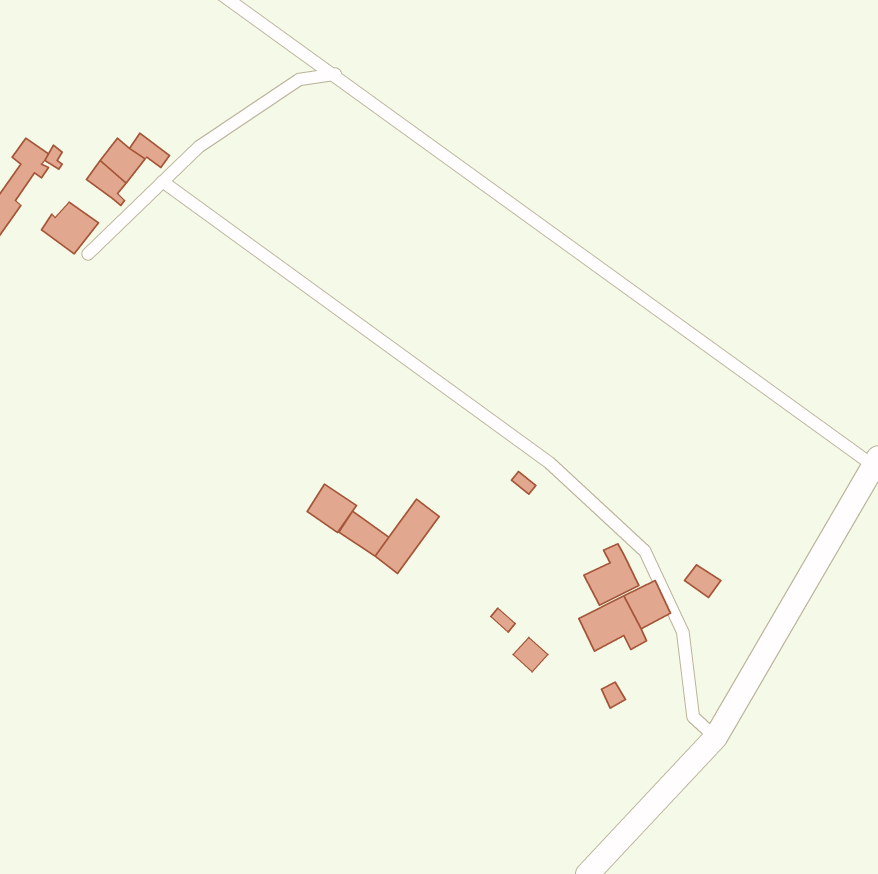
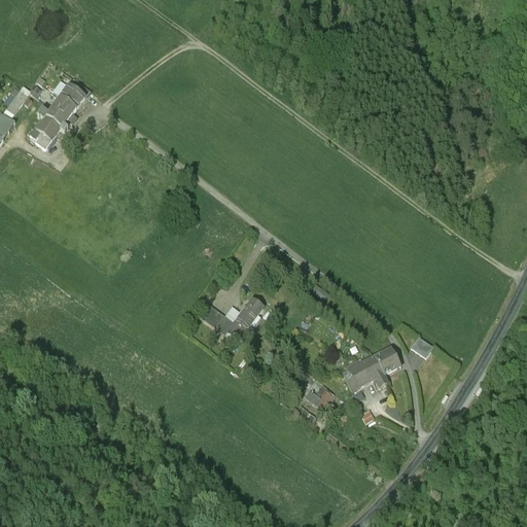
building: none -> [35,107,67,136]
building: [307,484,357,533] -> none
building: [584,544,639,605] -> none

